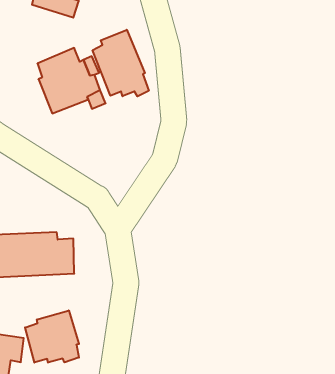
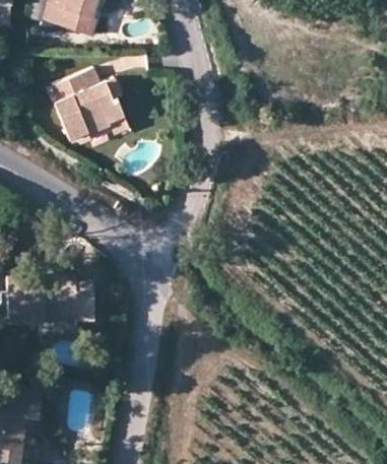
building: [93,30,149,96] -> none
building: [25,310,79,363] -> none

